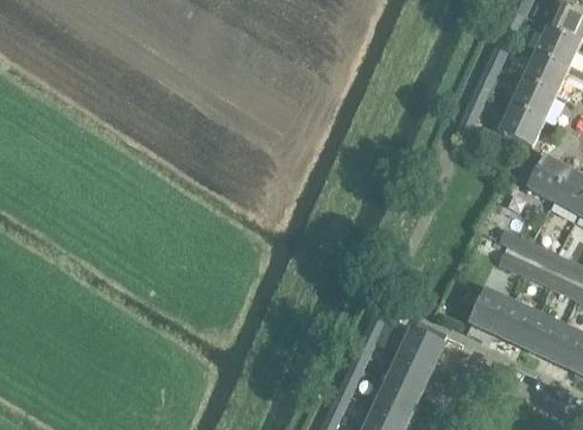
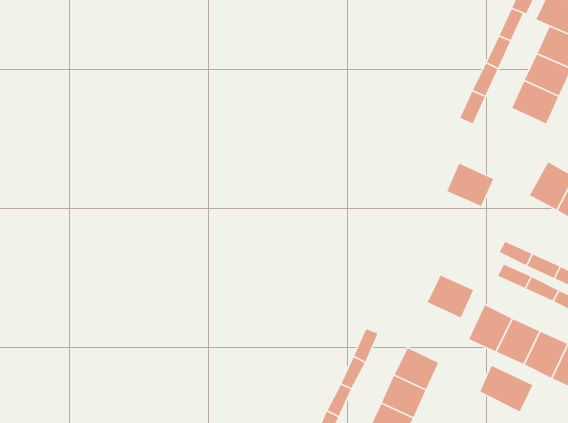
building: [499,103,544,145] -> [446,162,494,207]
building: none -> [426,275,474,319]
building: none -> [479,365,534,413]

